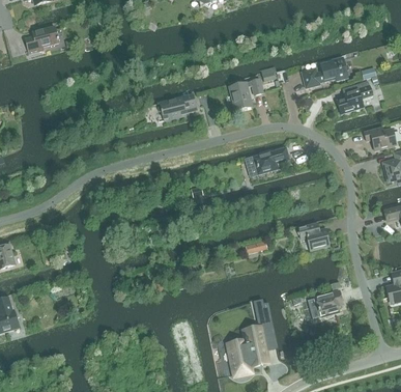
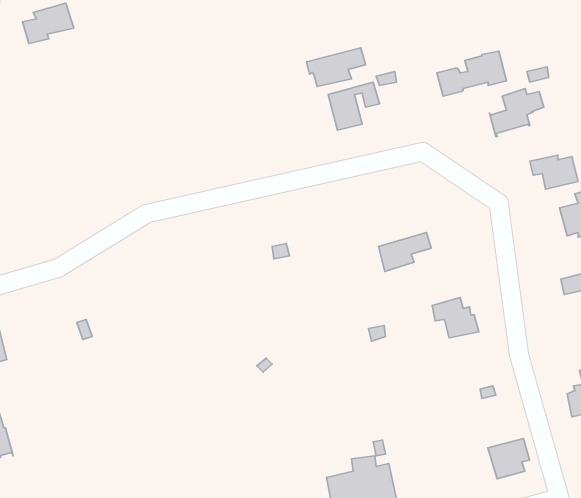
building: [156,93,196,119] -> [306,48,365,86]
building: [254,147,289,173] -> [378,233,431,271]
building: [315,289,343,316] -> [488,438,530,479]

